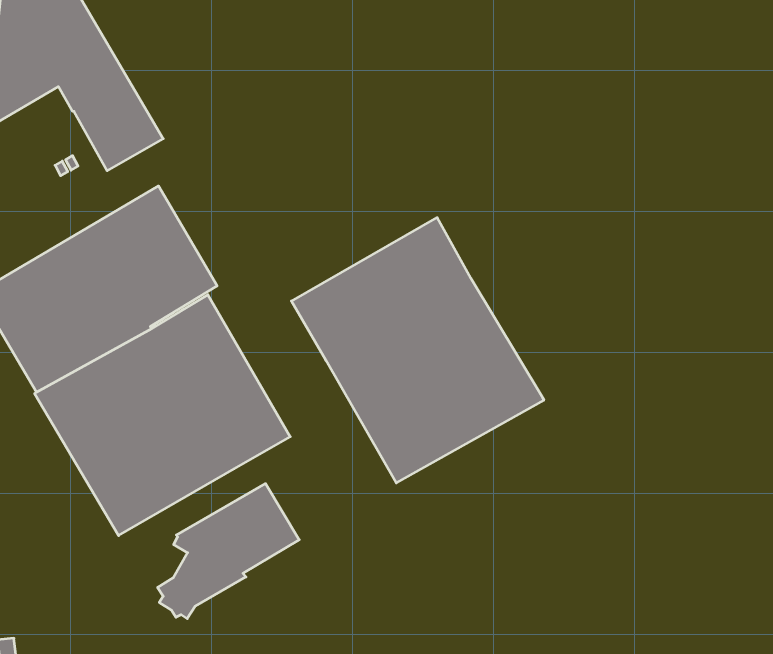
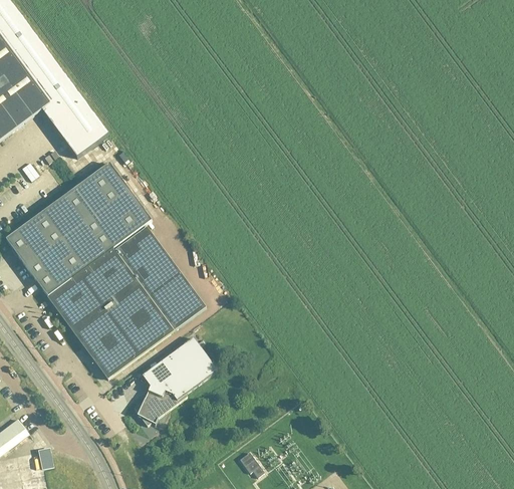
building: [291,218,544,483] -> none

